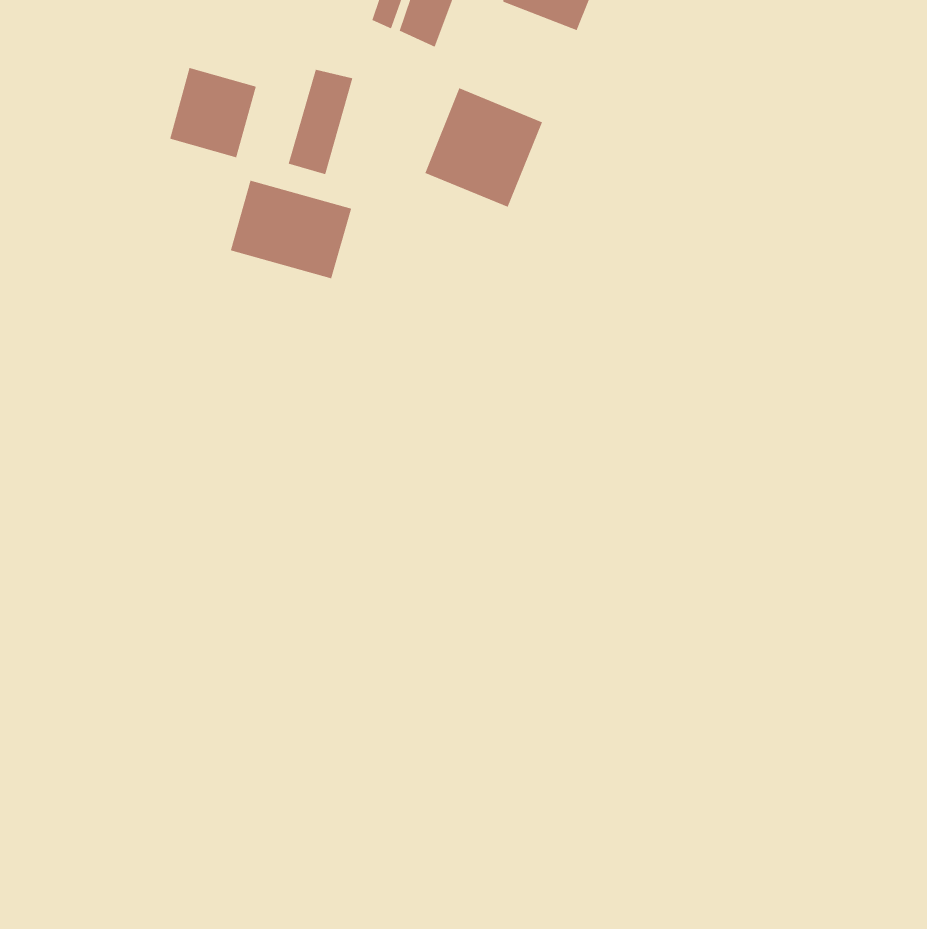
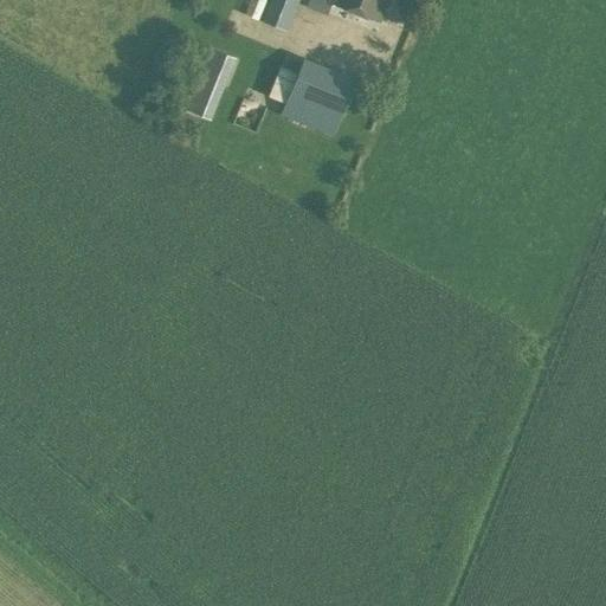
building: [169,67,256,158] -> none
building: [230,180,352,279] -> none

